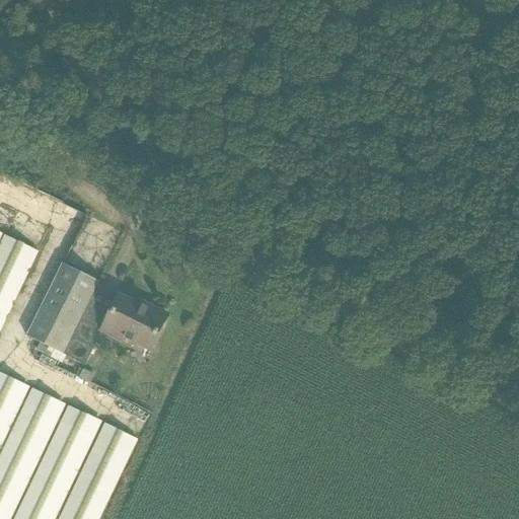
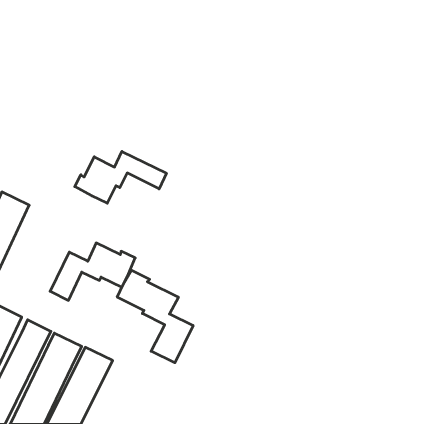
building: none -> [75,151,166,203]
building: [24,263,96,354] -> none
building: none -> [117,270,193,363]

